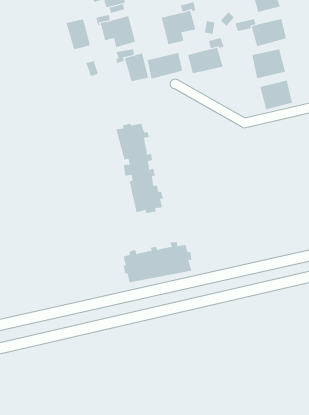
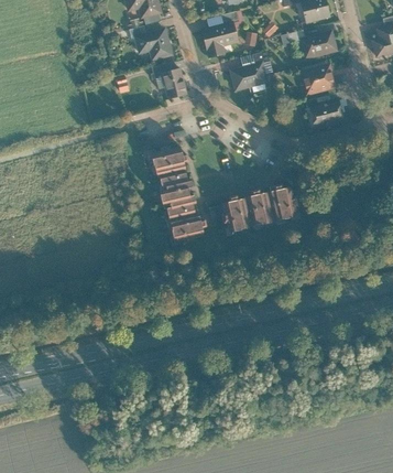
building: [66,18,91,50] -> none
building: [146,52,183,80] -> none
building: [123,242,192,283] -> [220,186,296,232]

